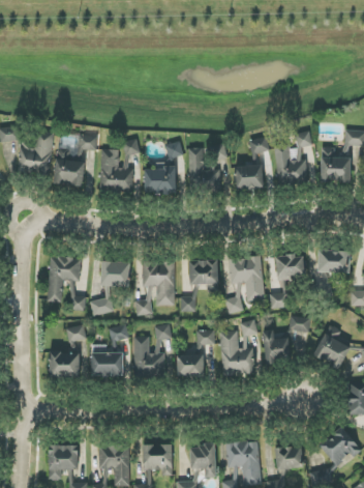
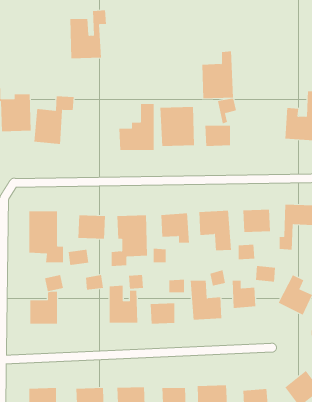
building: [275,132,309,182] -> [202,51,234,99]
building: [99,140,139,192] -> [70,10,107,59]
building: [225,283,246,314] -> none
building: [91,345,123,376] -> none

